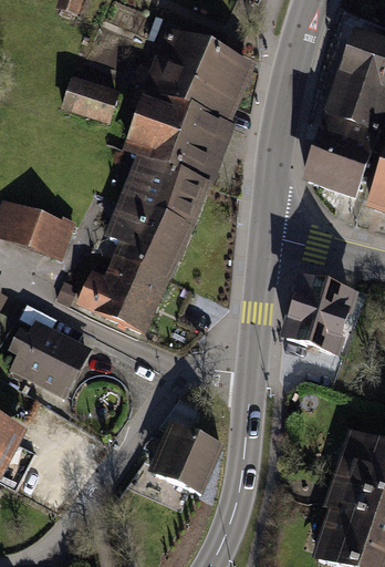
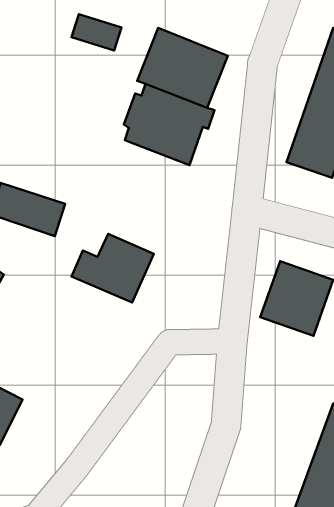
building: [63,81,116,120] -> [71,14,121,51]
building: [110,156,204,275] -> none
building: [9,320,91,398] -> none
building: [148,423,226,496] -> none

